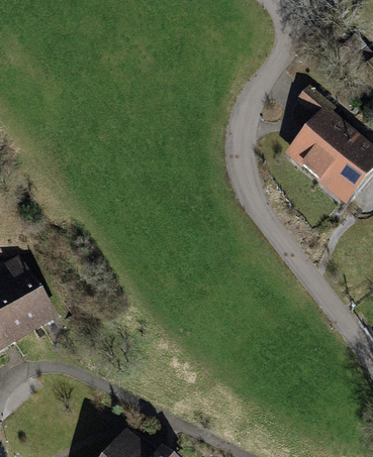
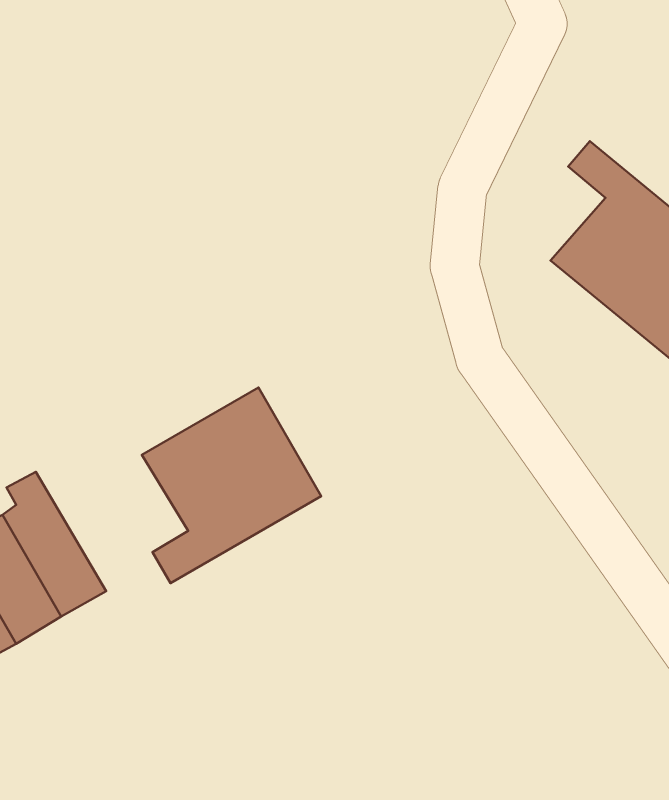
building: none -> [142,388,321,583]

